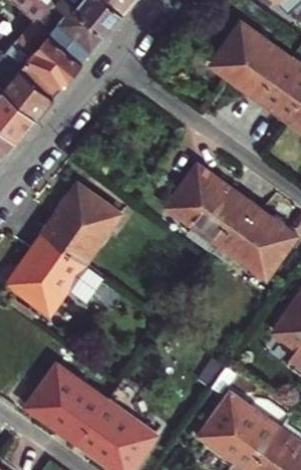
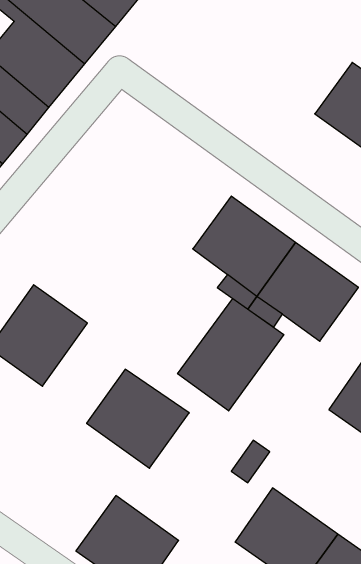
building: [212,24,291,100] -> none
building: [42,185,119,264] -> none
building: none -> [178,299,284,411]
building: [26,365,106,442] -> [87,369,189,468]

